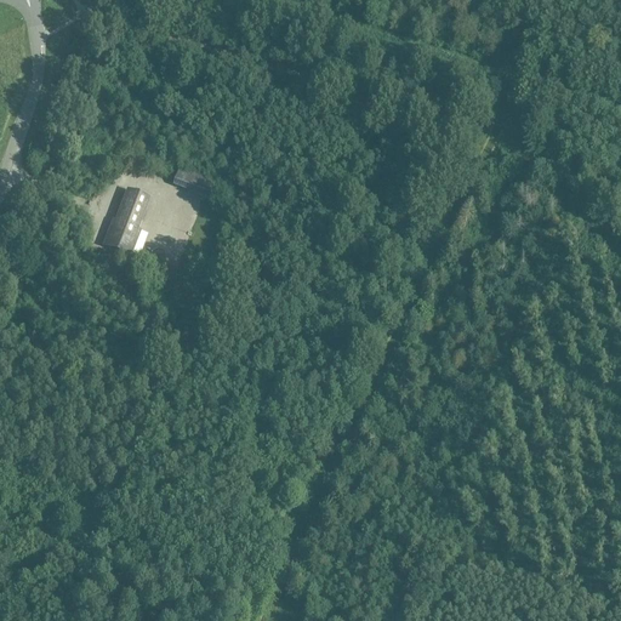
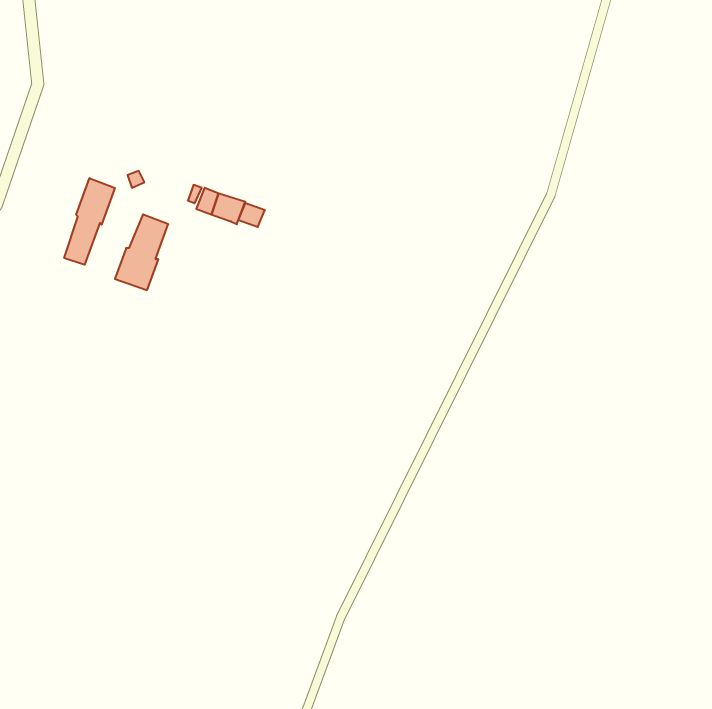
building: none -> [64,178,115,265]

